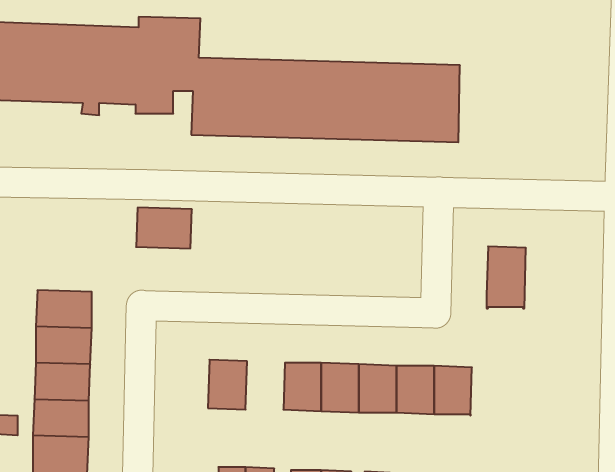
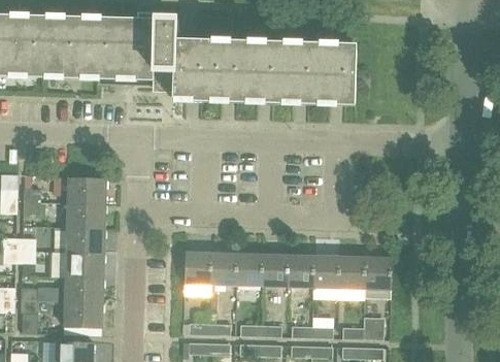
building: [136,208,192,248] -> [67,175,105,203]
building: [487,246,526,308] -> [363,255,390,297]
building: none -> [209,251,236,284]

